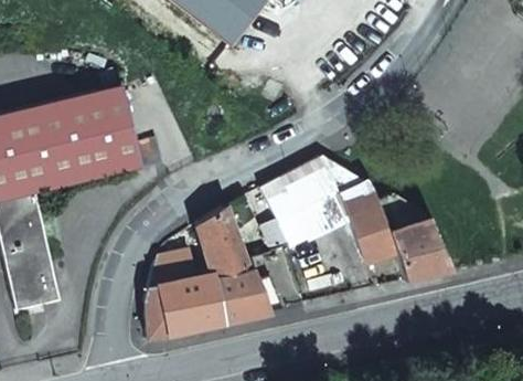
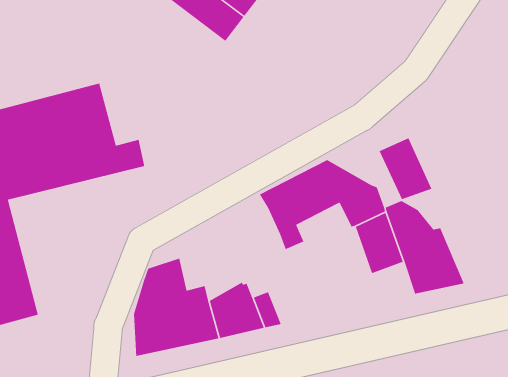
building: none -> [378,137,433,200]
building: [297,197,346,237] -> none
building: [198,208,246,286] -> none

